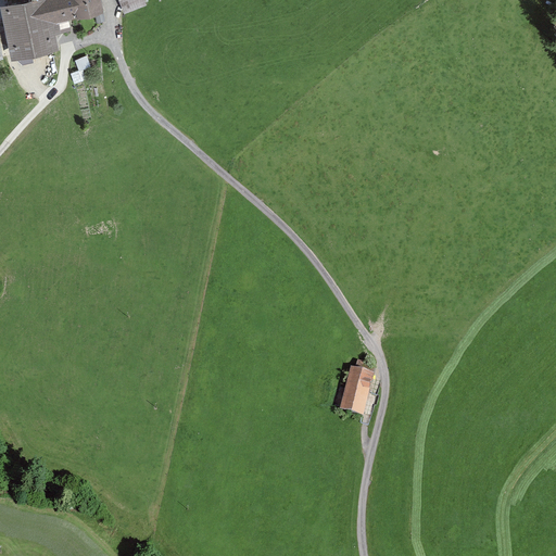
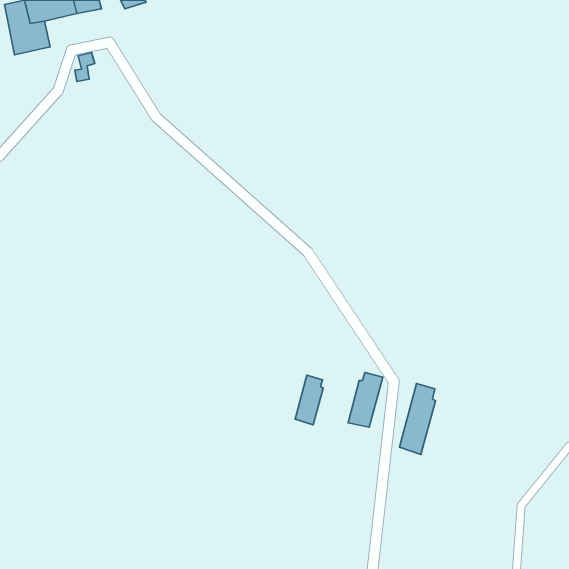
building: none -> [295,375,323,425]
building: none -> [399,384,435,454]

